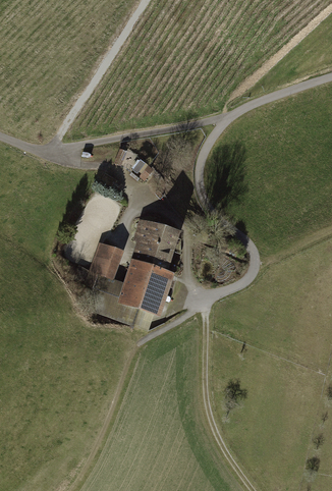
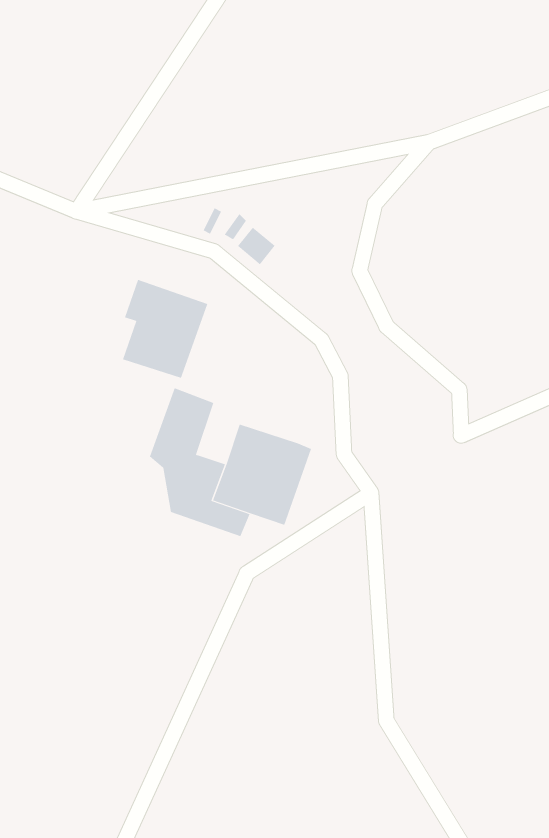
building: [134,216,180,269] -> [122,279,208,379]

